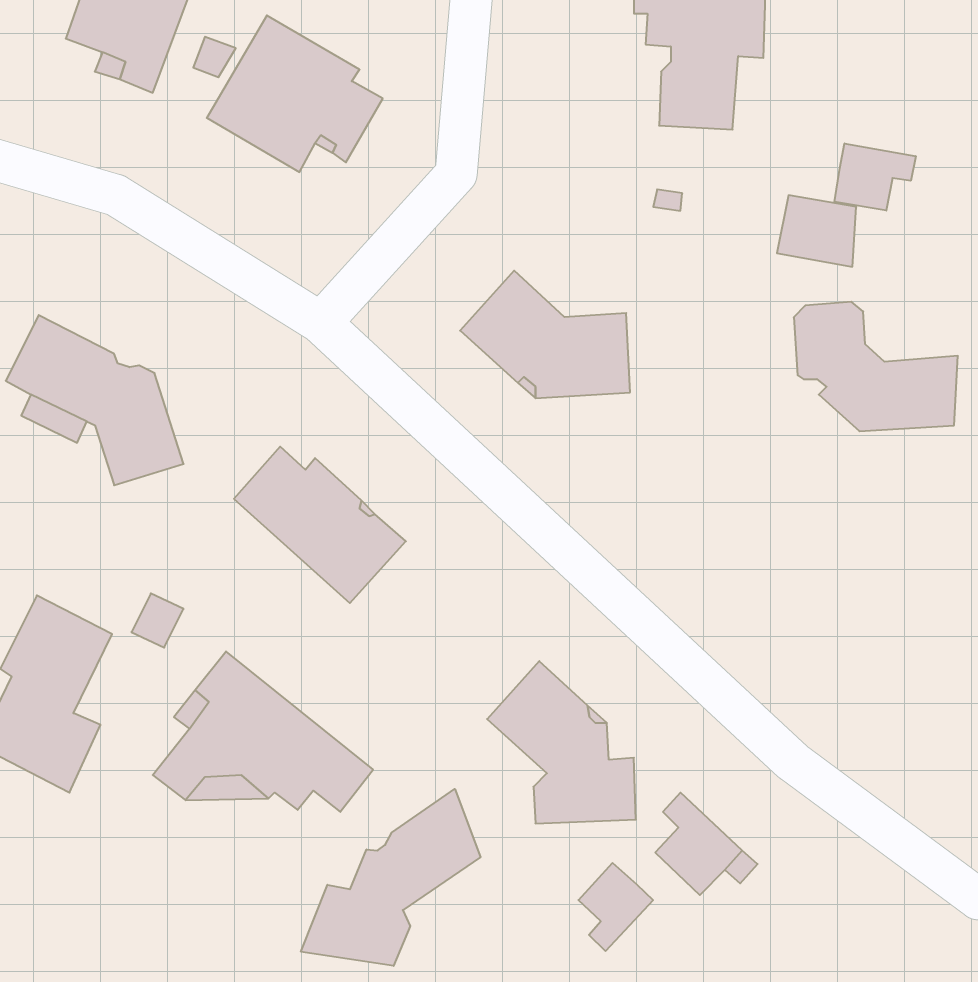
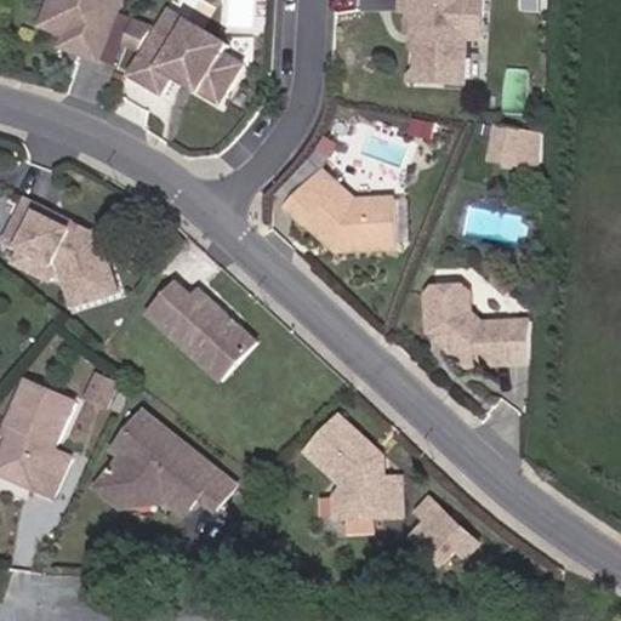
building: [835,143,916,211] -> none
building: [794,302,958,431] -> [423,284,526,365]
building: [301,789,481,966] -> none
building: [578,863,653,951] -> none

